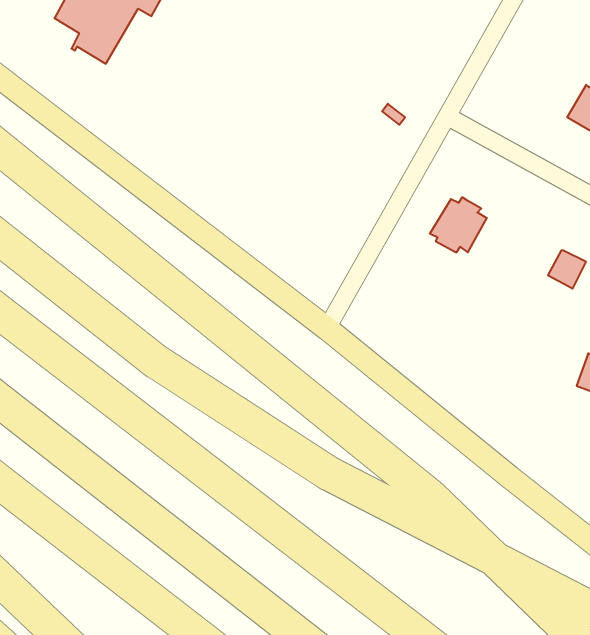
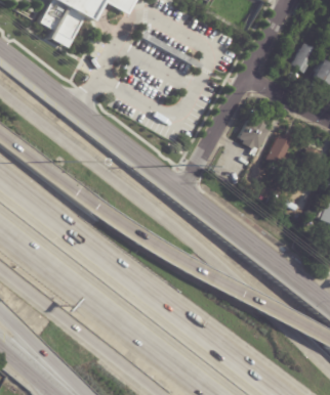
building: none -> [293,43,319,73]
building: none -> [266,133,296,167]

